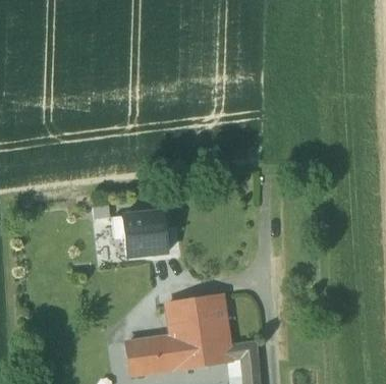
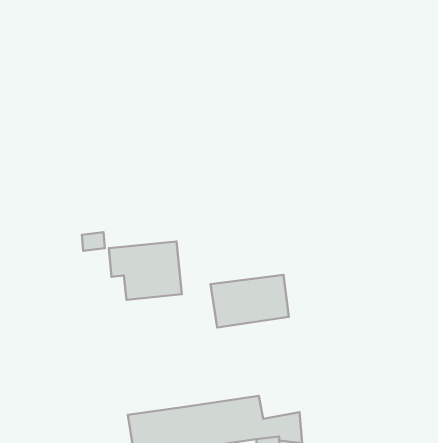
building: [167,295,226,335] -> [211,275,289,328]

